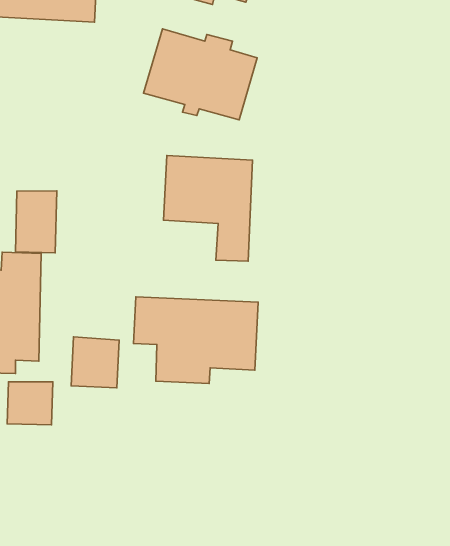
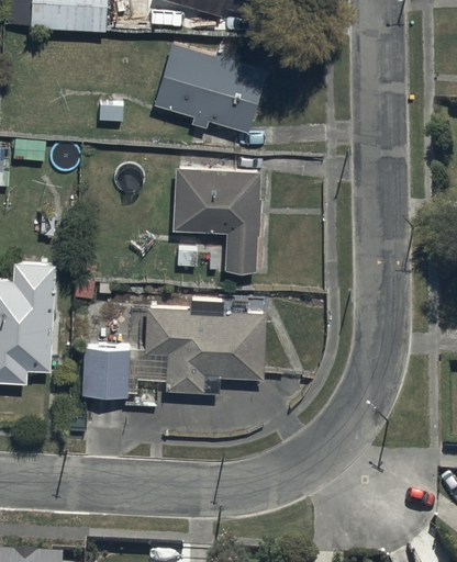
building: [15,191,57,253] -> none
building: [7,382,53,425] -> none

